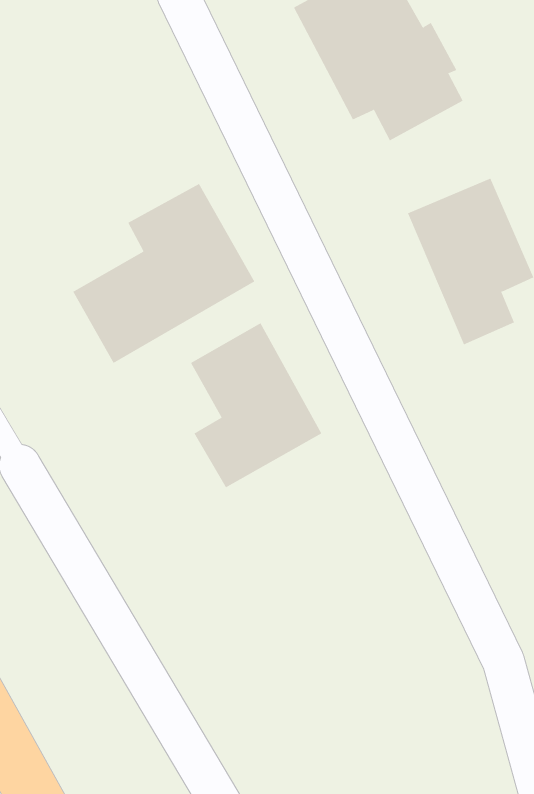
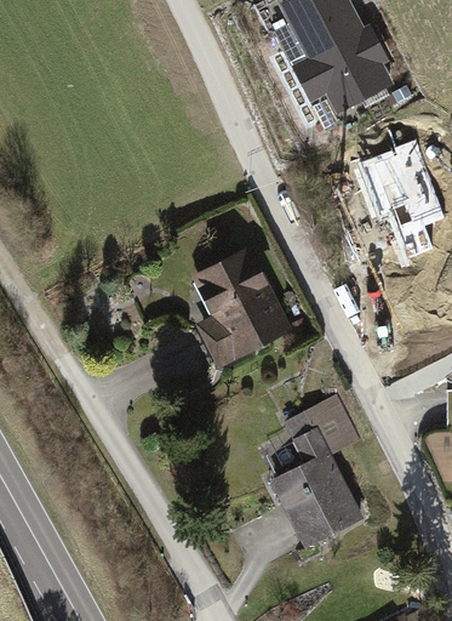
building: [73,183,255,364] -> none
building: none -> [273,397,360,543]

